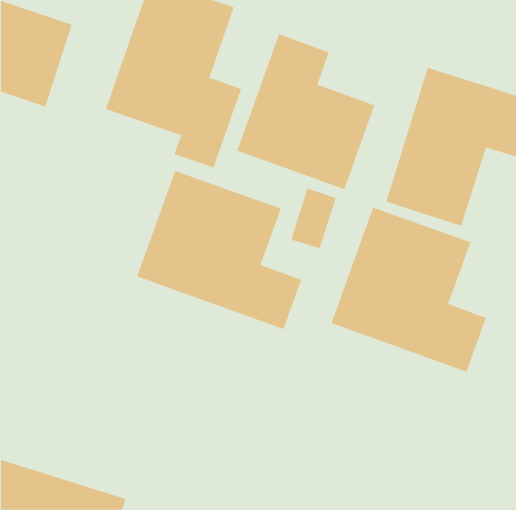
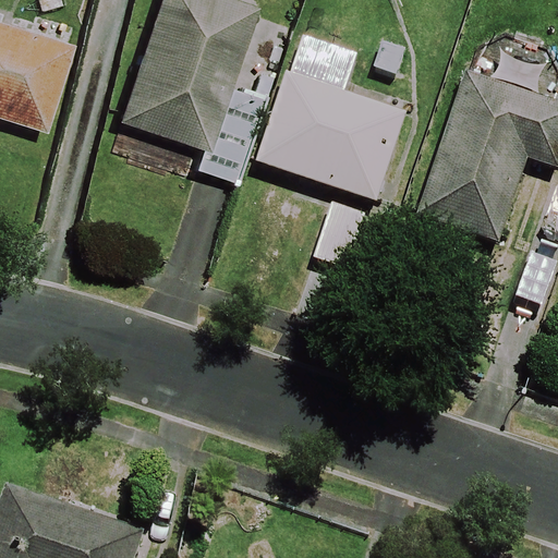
building: [137,170,302,330] -> none
building: [331,207,486,372] -> none

